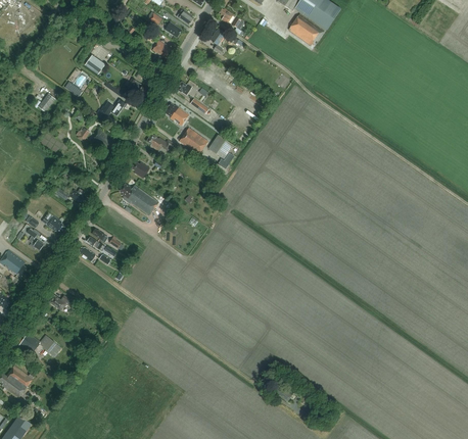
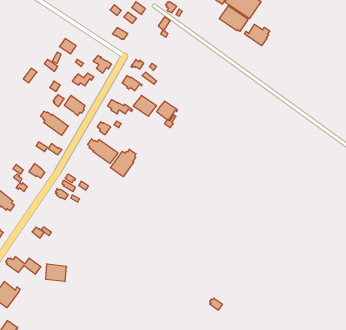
building: none -> [245,24,270,46]
building: none -> [41,111,68,136]
building: none -> [110,149,136,177]
building: none -> [46,264,66,282]

